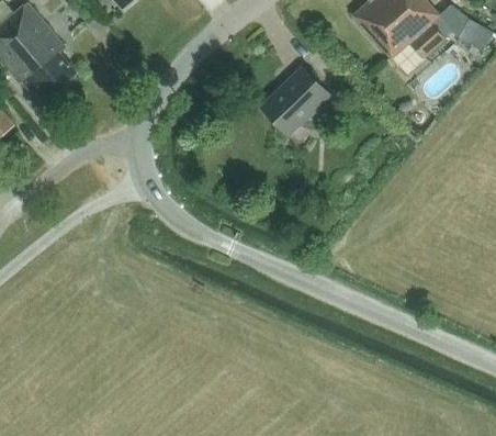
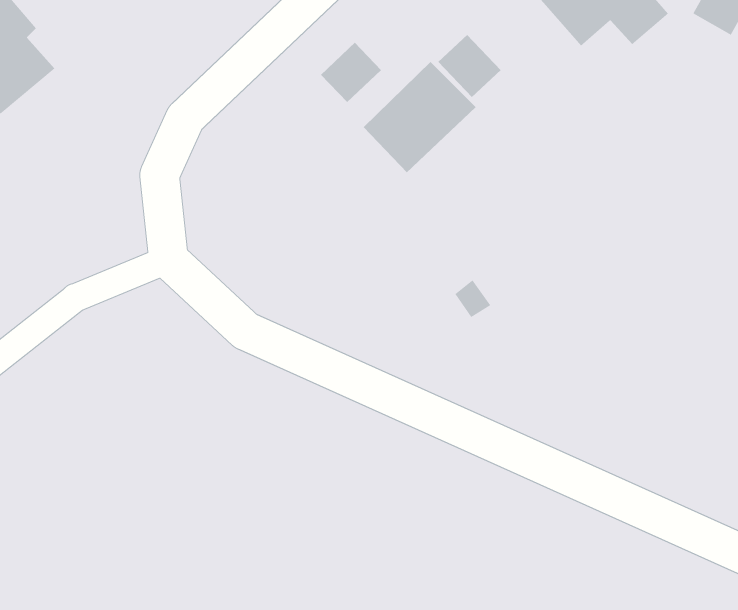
building: none -> [437,34,502,98]
building: none -> [320,42,382,103]

